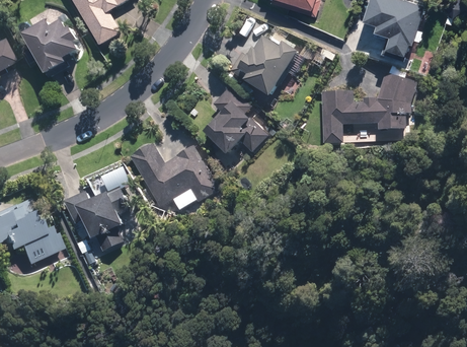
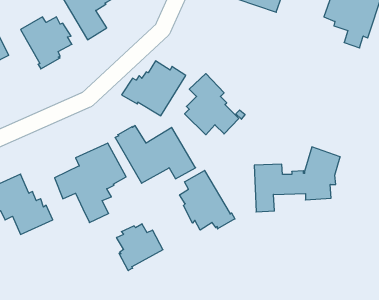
building: [230,33,301,94] -> [122,61,186,116]
building: [321,71,416,143] -> [254,147,340,212]
building: none -> [180,170,235,230]
building: none -> [117,224,163,271]

